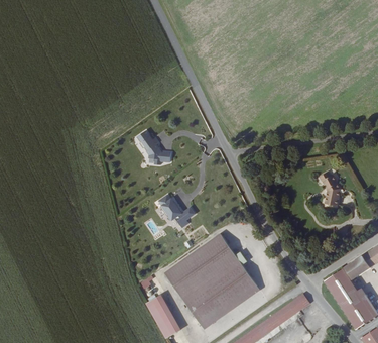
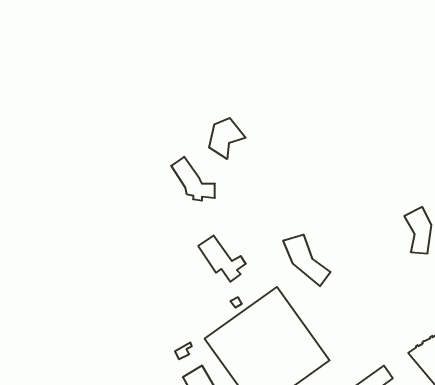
building: none -> [209,118,246,159]
building: none -> [283,235,331,286]

